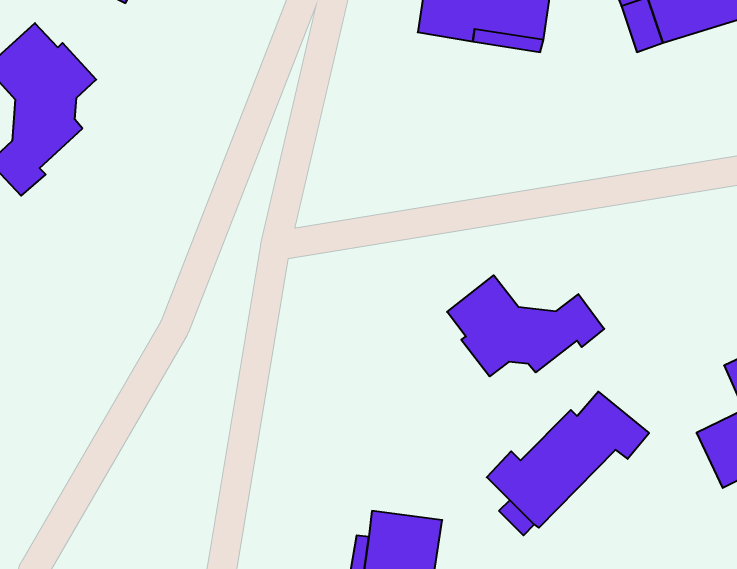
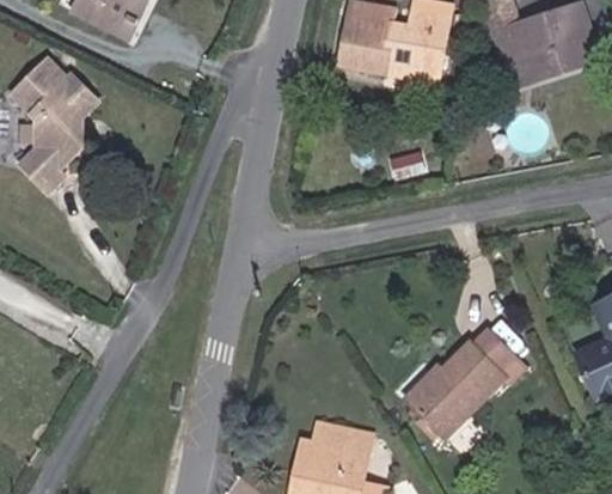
building: [447,275,604,376] -> none

